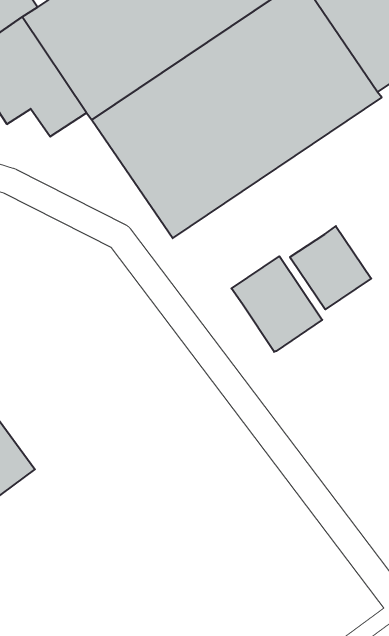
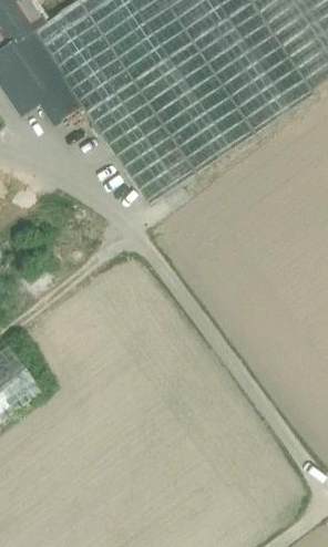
building: [290,226,371,309] -> none
building: [231,256,322,352] -> none

